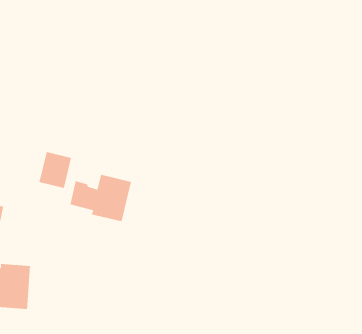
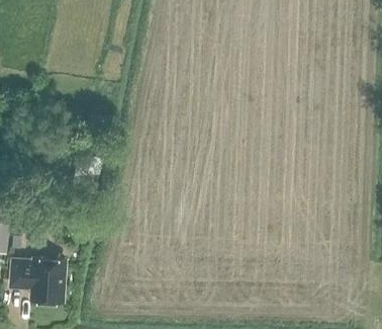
building: [70,174,132,222] -> none

